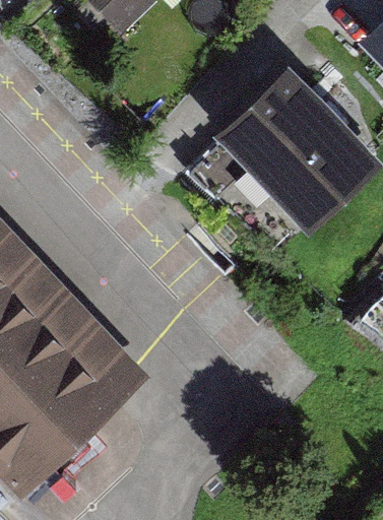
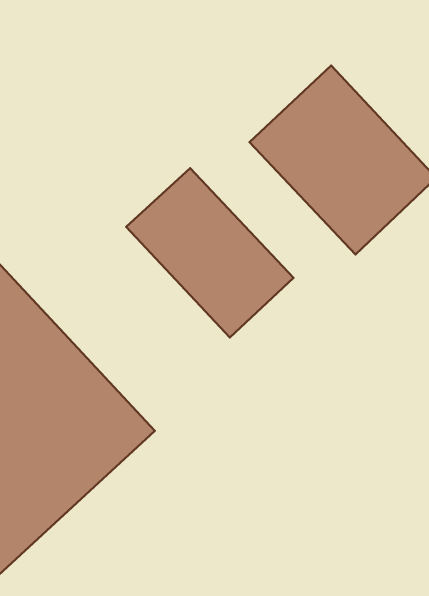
building: none -> [126,168,293,337]

